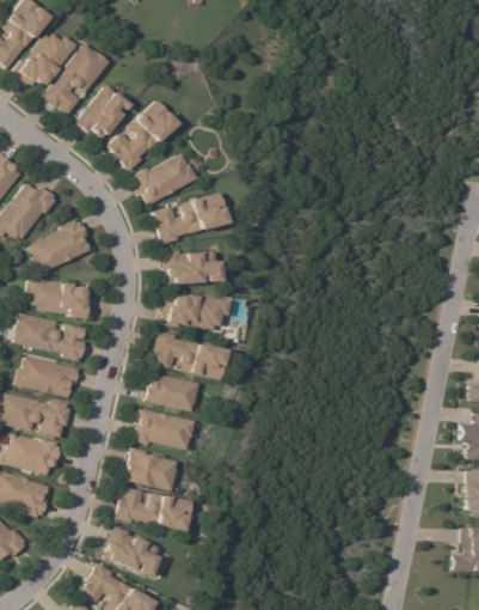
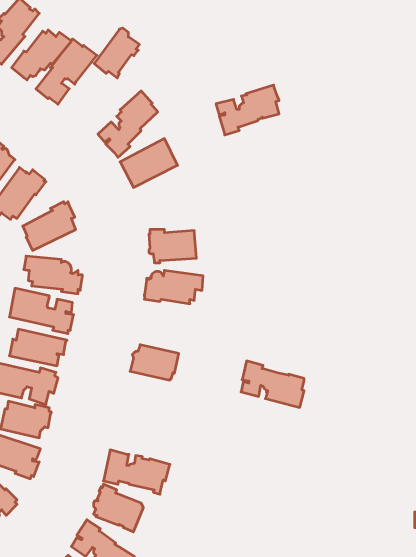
building: [80,86,129,140] -> [94,28,139,78]
building: [158,190,226,244] -> [216,85,279,135]
building: [154,328,222,378] -> [241,361,304,407]
building: [134,408,194,450] -> none
building: [127,449,176,493] -> none

